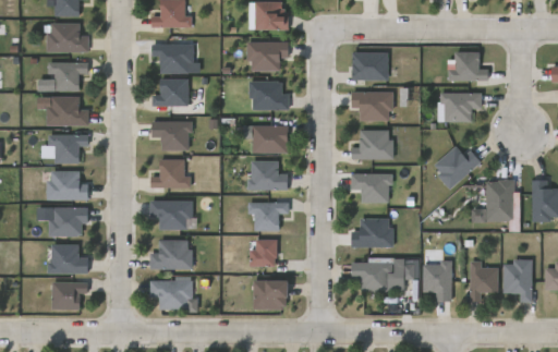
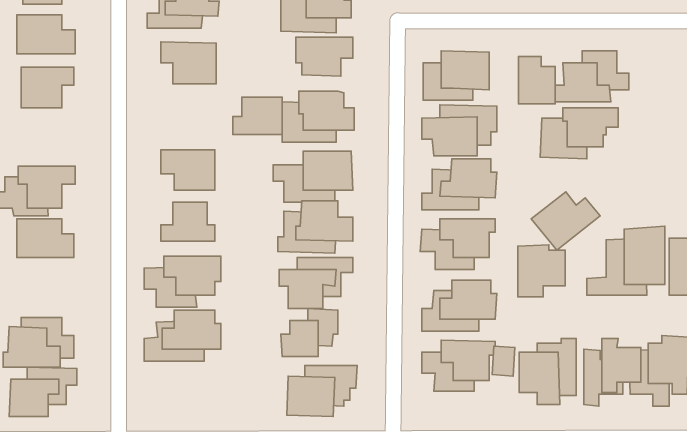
building: none -> [518,57,555,104]
building: [151,78,187,106] -> [233,97,282,135]
building: [47,96,89,125] -> none
building: none -> [518,245,565,297]
building: [50,207,88,235] -> none
building: [153,278,195,306] -> none

